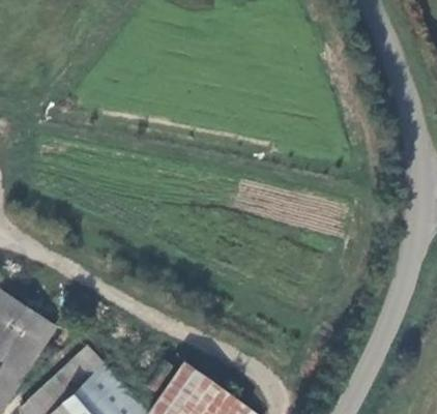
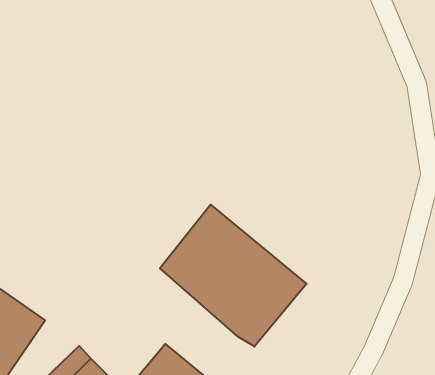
building: none -> [160,205,307,347]

